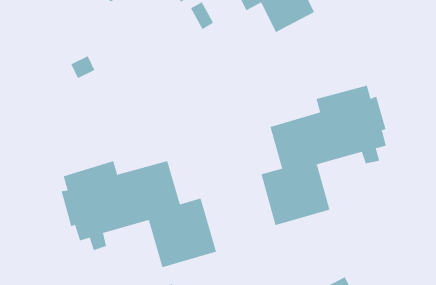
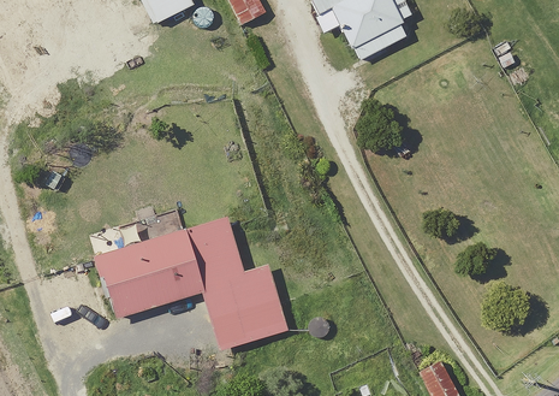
building: [261,85,386,226] -> none

